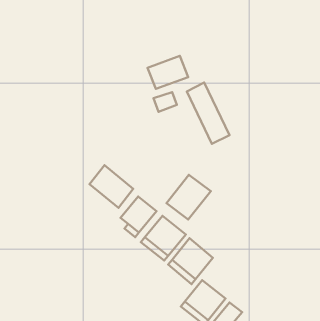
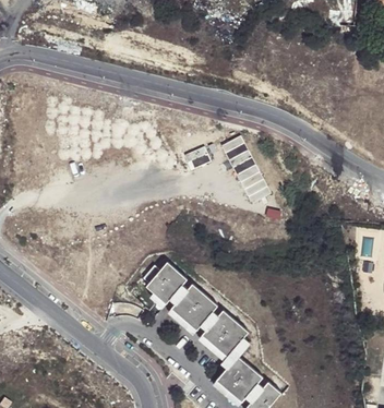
building: [147,56,188,89] -> none
building: [90,165,133,208] -> none
building: [167,175,211,220] -> none

